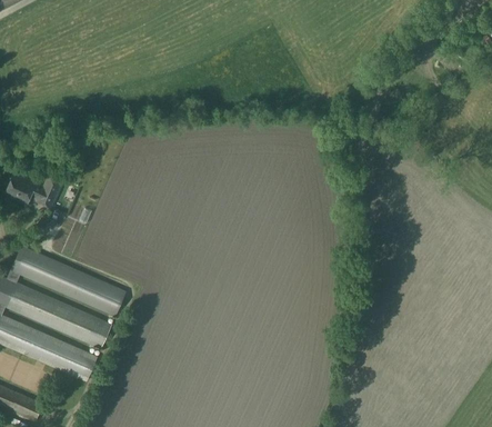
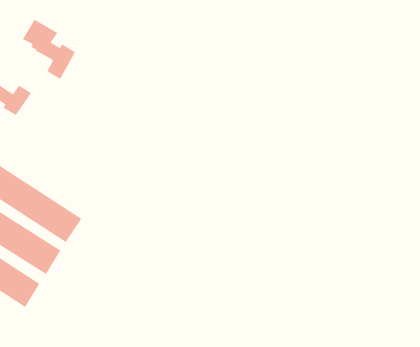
building: none -> [22,19,76,80]

